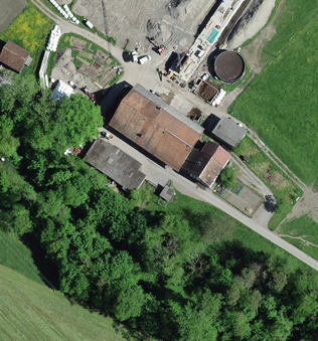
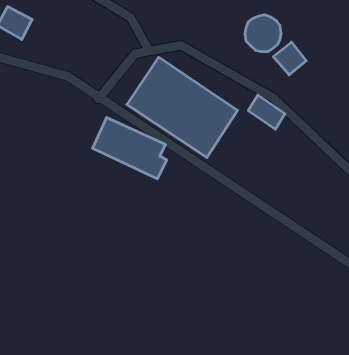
building: none -> [273,42,306,75]
building: [181,143,229,188] -> none

